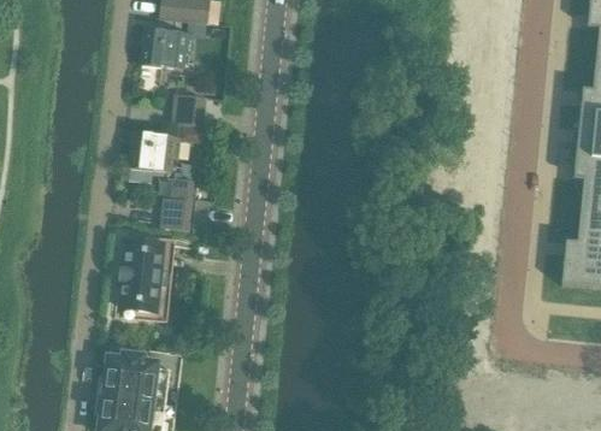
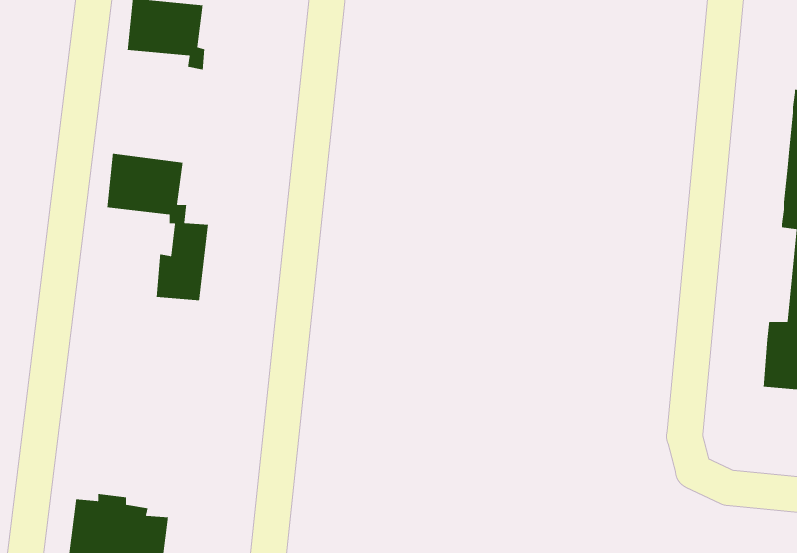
building: [171,93,205,125] -> none
building: [113,234,175,320] -> none

